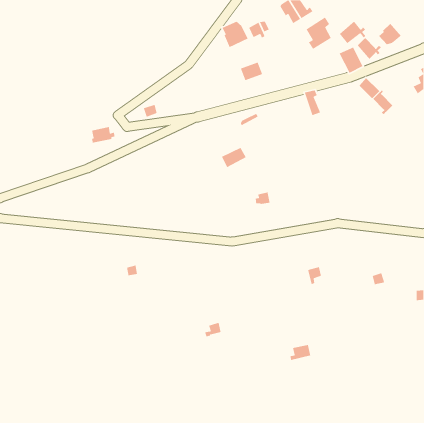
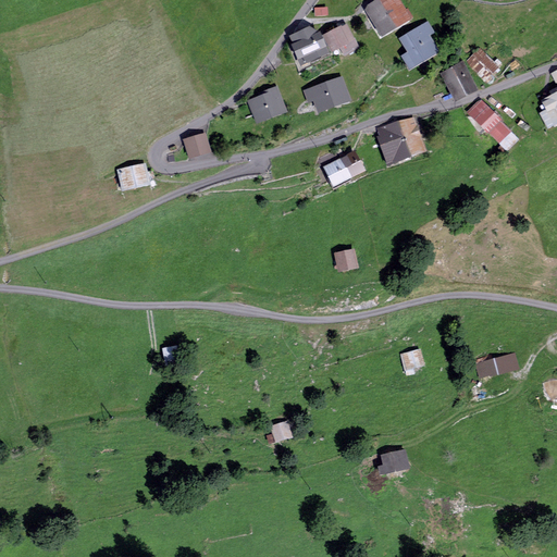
building: [339,20,366,44] -> none
building: [378,23,402,45] -> none
building: none -> [253,89,282,117]
building: none -> [379,121,409,160]
building: [221,147,247,168] -> [327,154,361,183]

